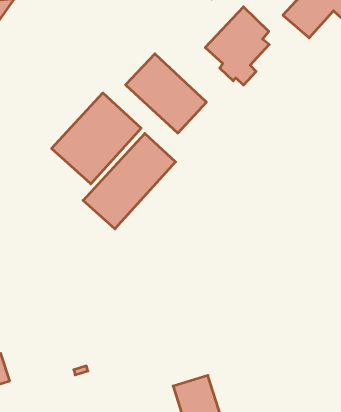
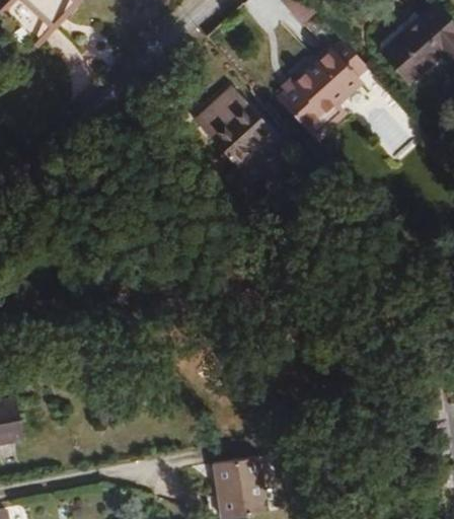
building: [52,93,141,184] -> none
building: [83,133,176,229] -> none

